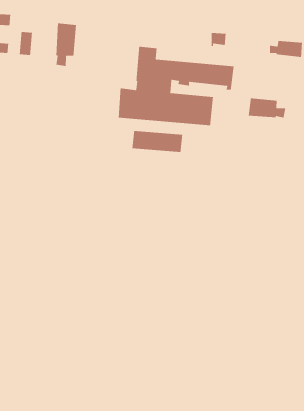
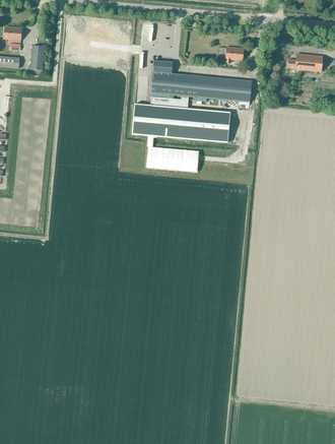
building: [55,22,77,67] -> none
building: [248,97,286,118] -> none

